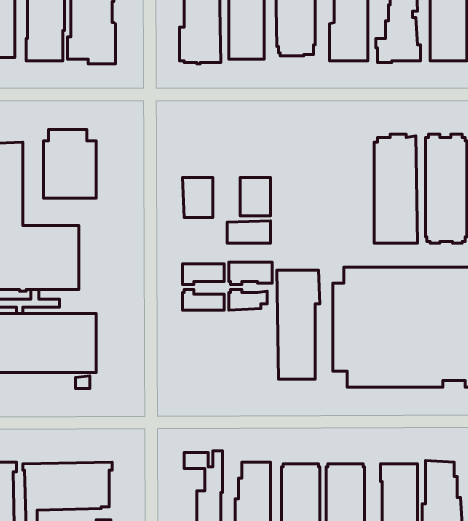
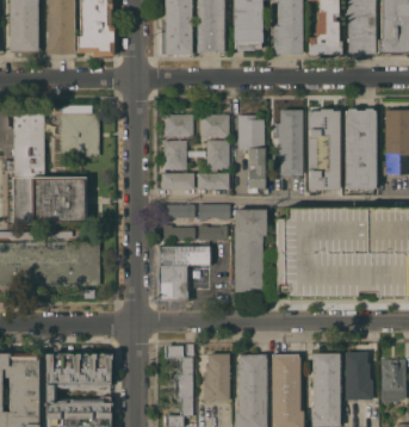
building: none -> [274,110,303,175]
building: none -> [163,115,193,137]
building: none -> [237,115,265,193]
building: none -> [199,116,228,137]
building: none -> [161,174,193,191]
building: none -> [157,246,229,299]

